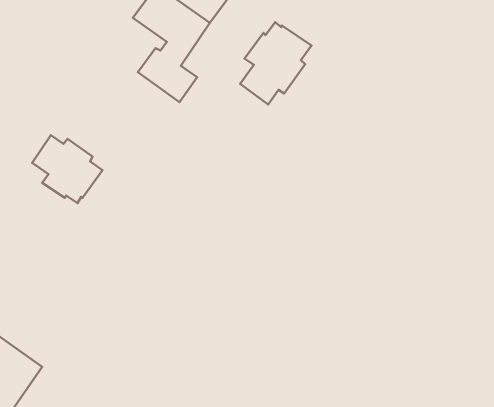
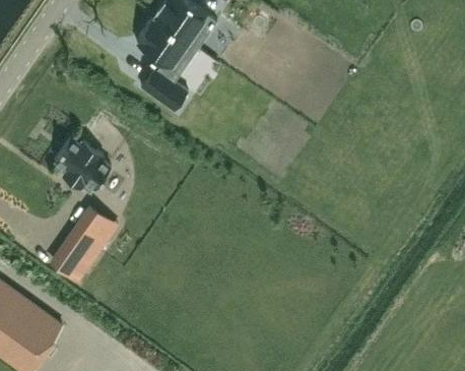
building: [240,22,311,105] -> none
building: none -> [56,206,119,280]

